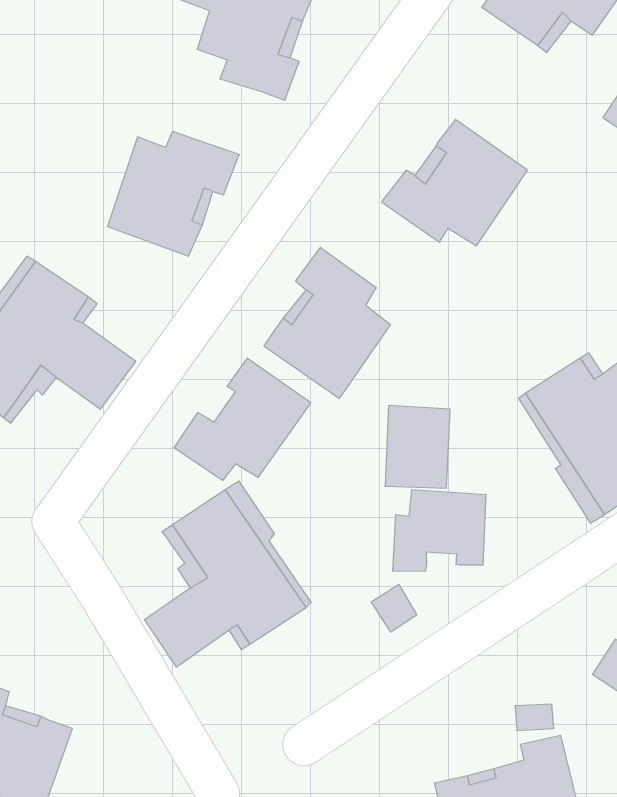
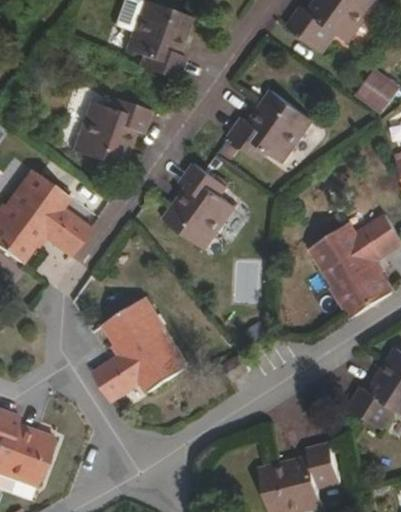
building: [174,358,311,480] -> none
building: [393,490,486,571] -> none

